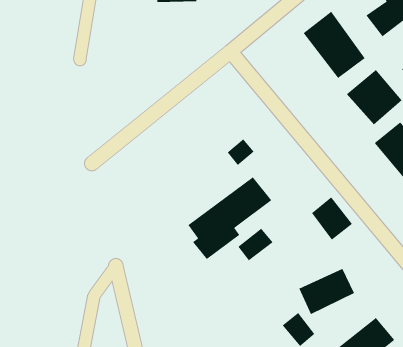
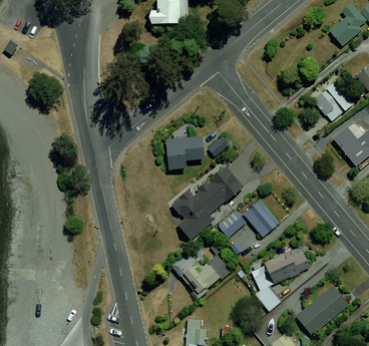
building: [303,11,366,79] -> none
building: none -> [165,136,205,170]
building: [311,197,353,241] -> [244,200,279,237]
building: none -> [175,253,232,297]

